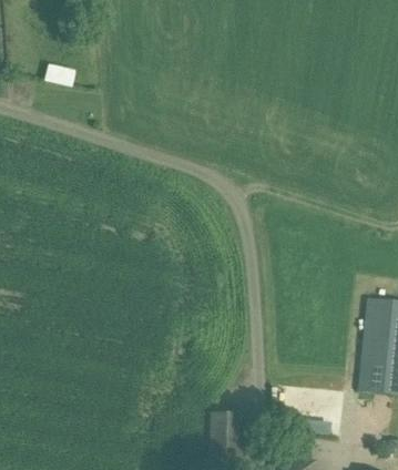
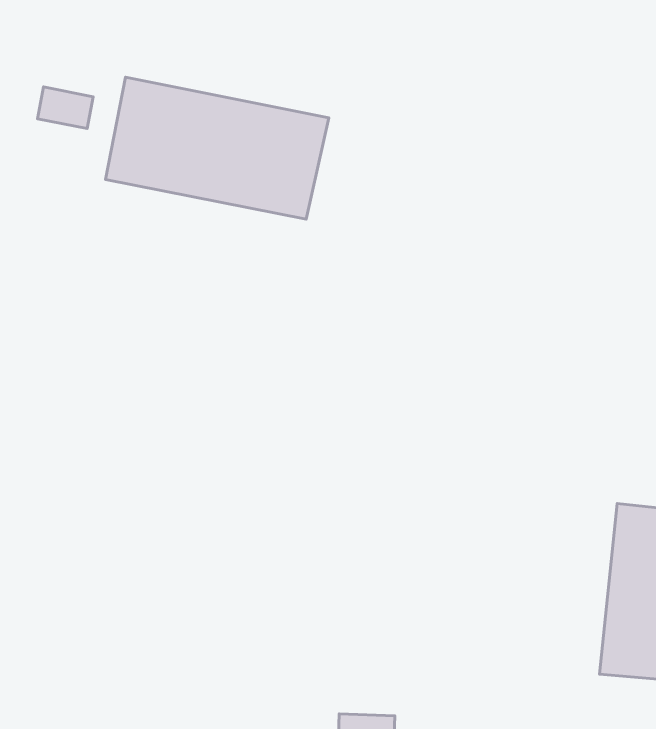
building: none -> [105,77,329,219]

